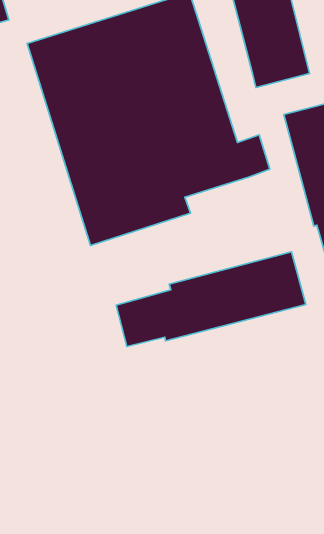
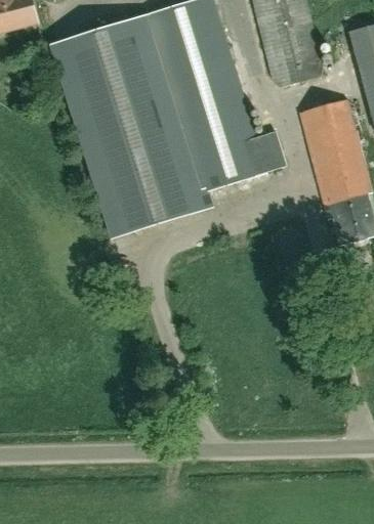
building: [116,252,306,347] -> none

